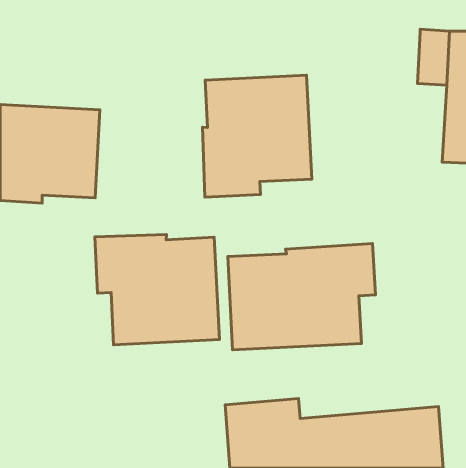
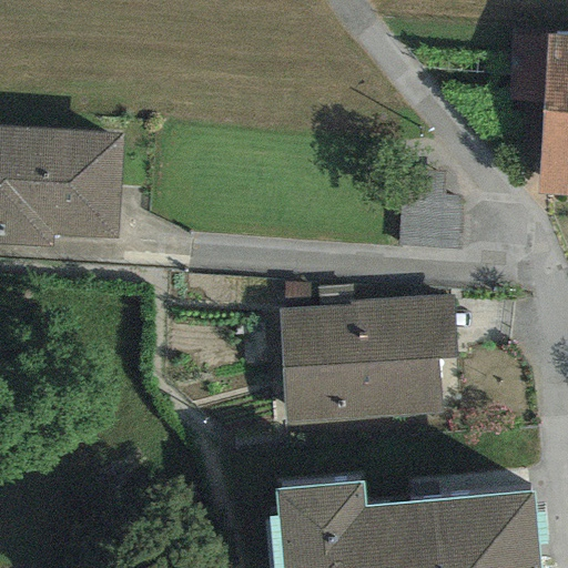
building: [202,75,312,197] -> none
building: [95,235,219,345] -> none

